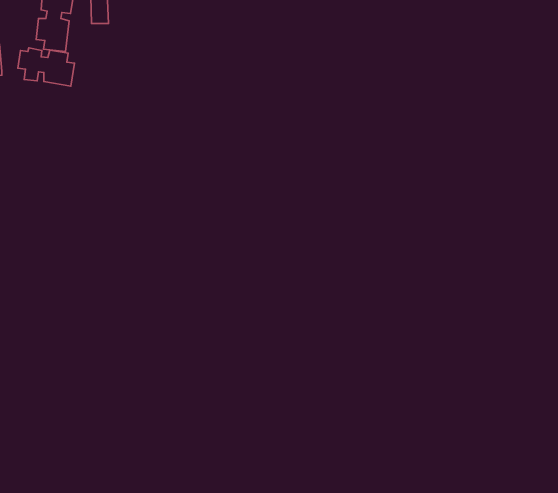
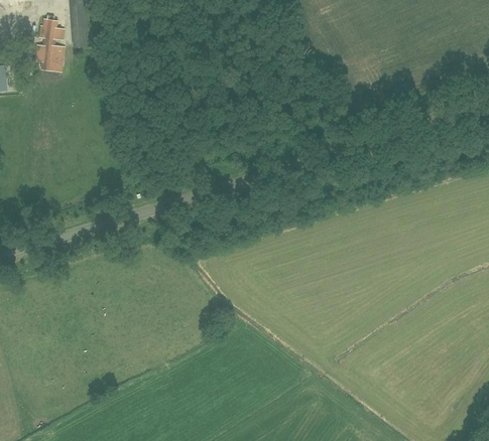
building: [18,48,75,86] -> none

